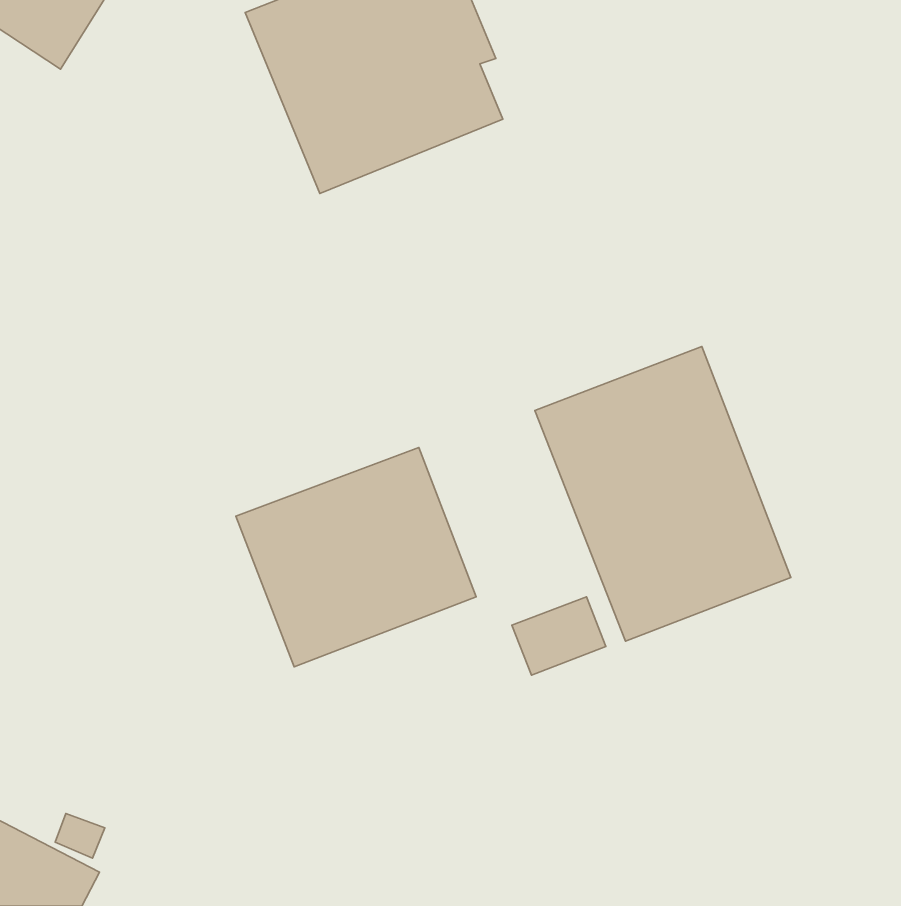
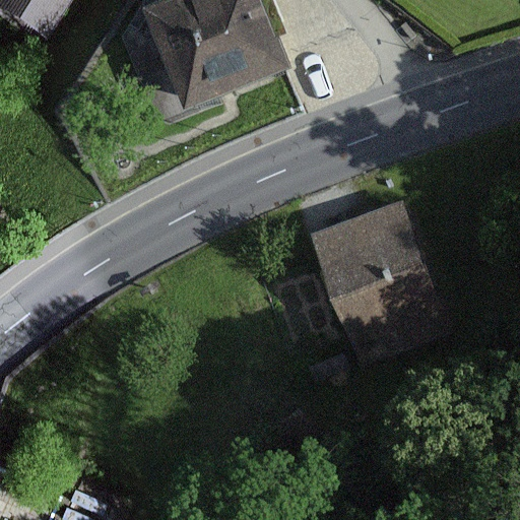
building: [236,447,476,667] -> none

